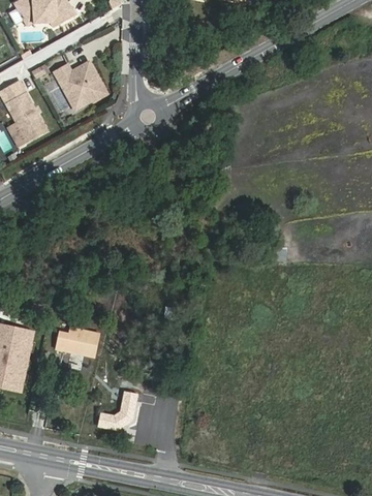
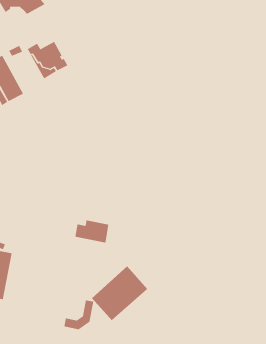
building: [54,329,98,359] -> [74,220,109,243]
building: none -> [91,266,148,321]

